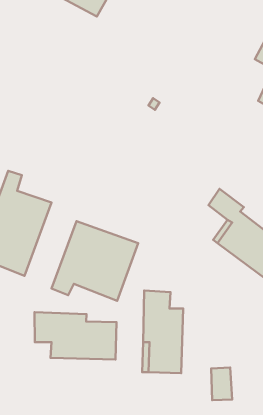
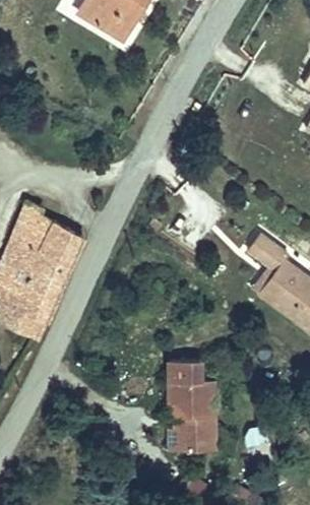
building: [51,221,138,301] -> none
building: [35,312,116,359] -> none

